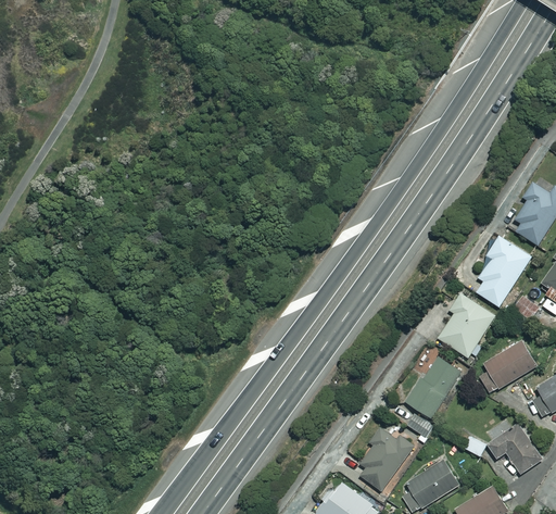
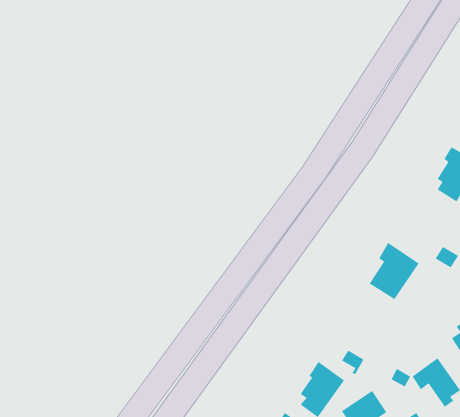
building: [476,235,531,306] -> none
building: [478,340,535,392] -> none
building: [405,356,462,418] -> none

